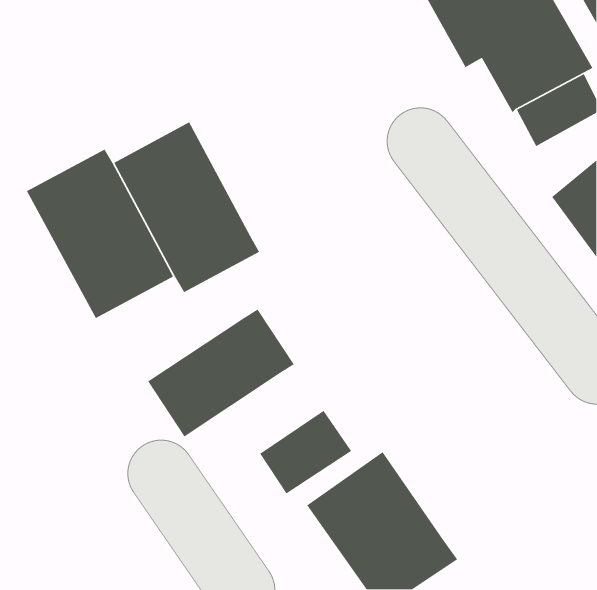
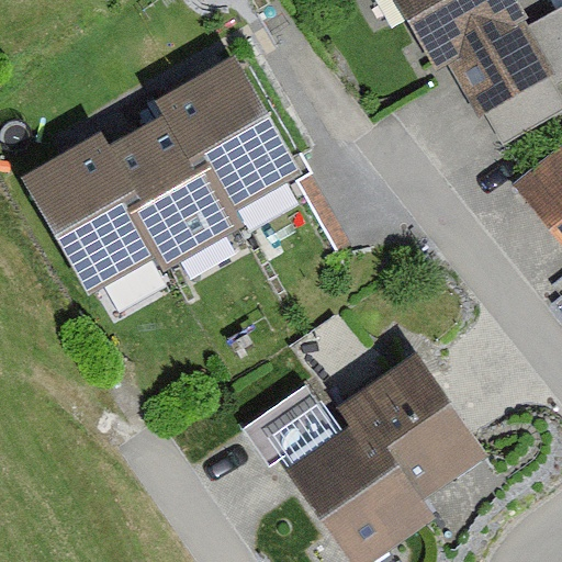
building: none -> [167,57,306,220]
building: [147,308,295,437] -> none
building: none -> [342,352,485,503]

